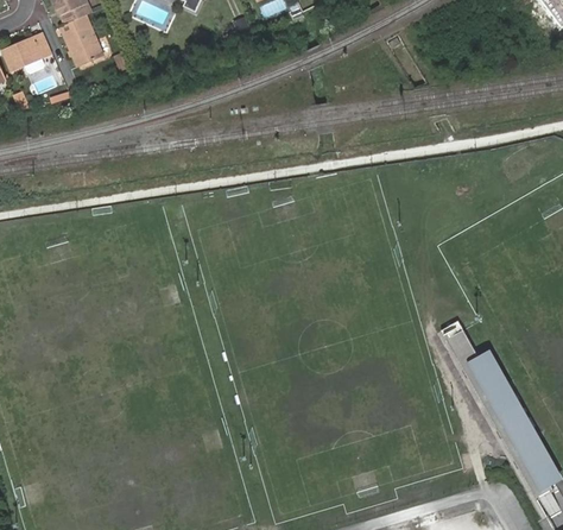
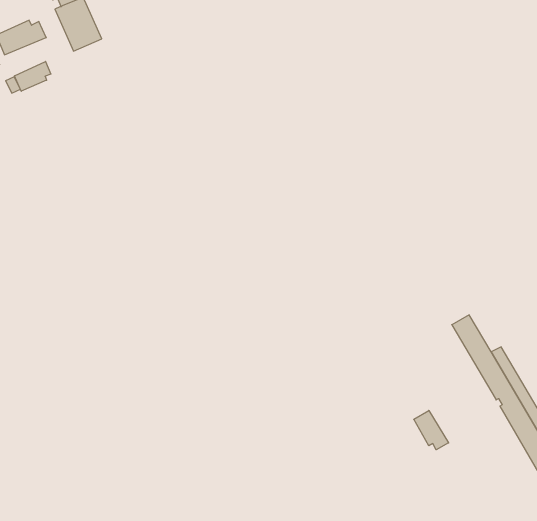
building: none -> [15,61,51,91]
building: none -> [414,410,449,450]

